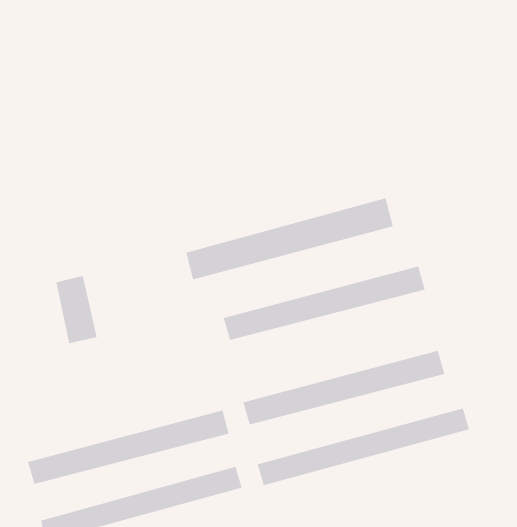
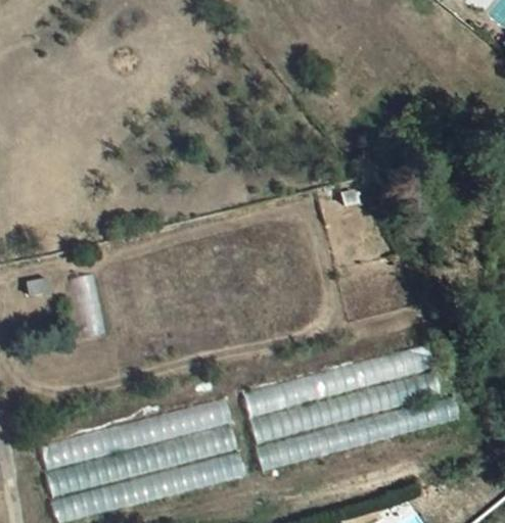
building: [186,198,394,280] -> none
building: [223,266,425,341] -> [250,371,442,441]
building: none -> [46,427,235,496]

